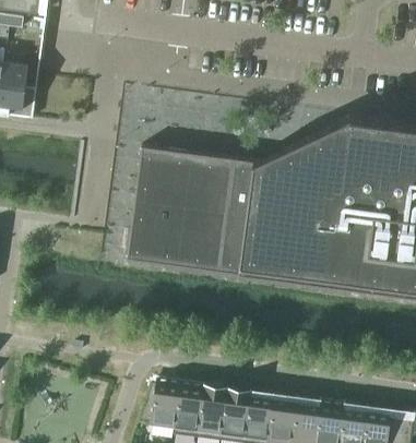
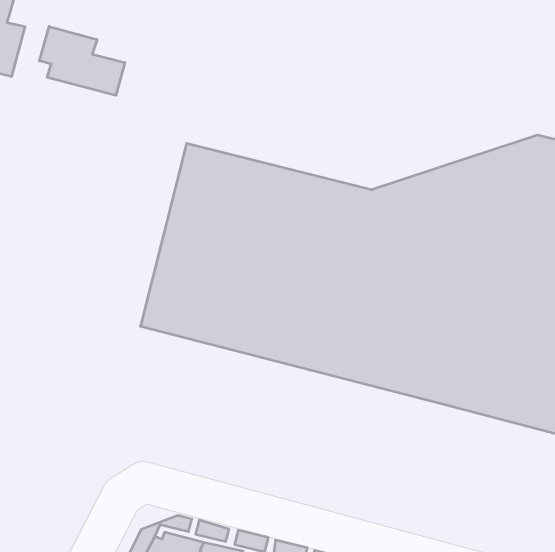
building: none -> [39,26,125,95]

